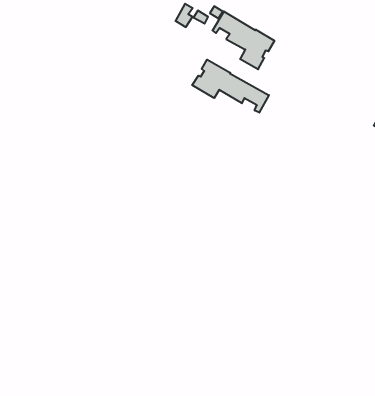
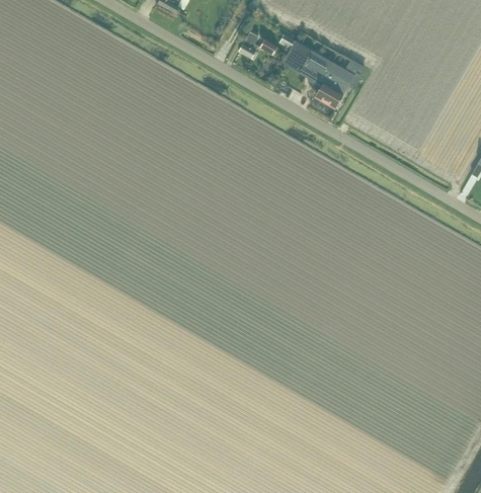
building: [192,60,269,113] -> none

